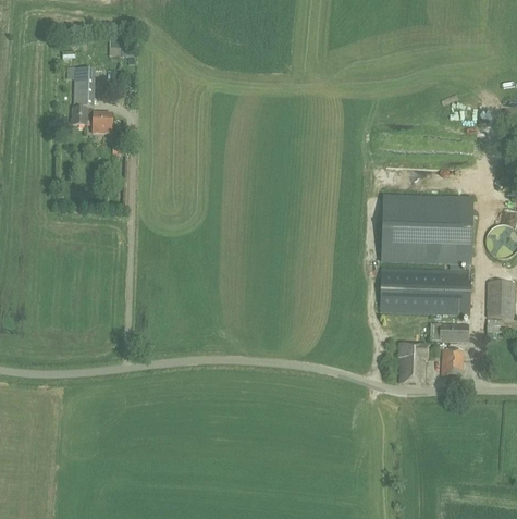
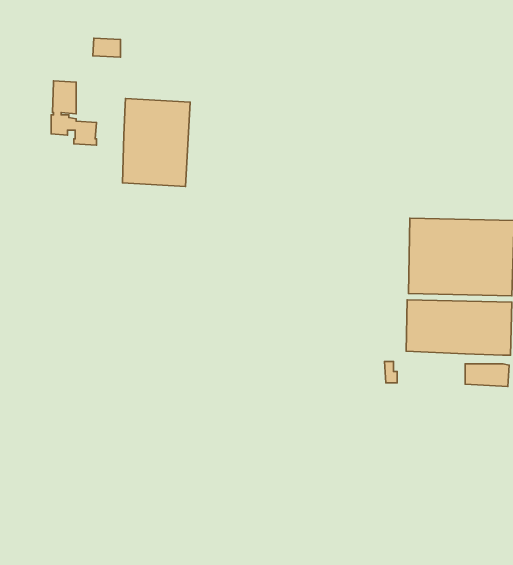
building: none -> [123,98,190,186]
building: [397,343,428,383] -> none
building: [441,347,463,375] -> none

